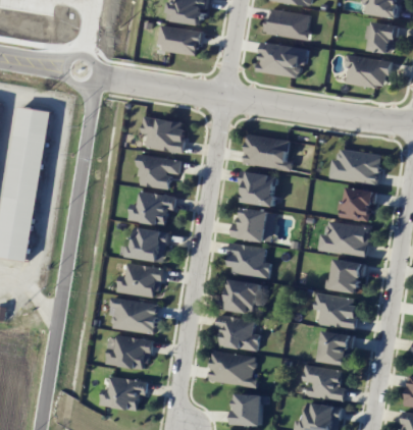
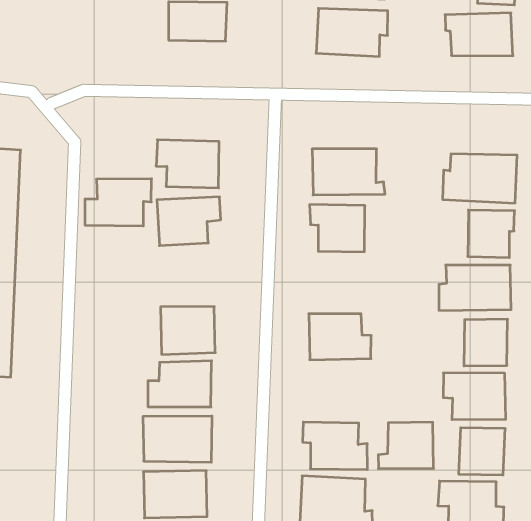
building: [127,191,175,225] -> [85,179,152,226]
building: [230,208,274,241] -> none
building: [219,279,259,313] -> [378,422,434,469]

